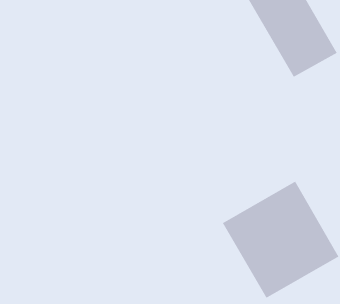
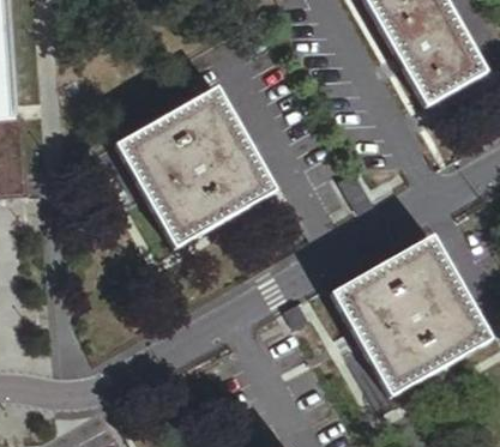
building: none -> [120,91,272,246]

